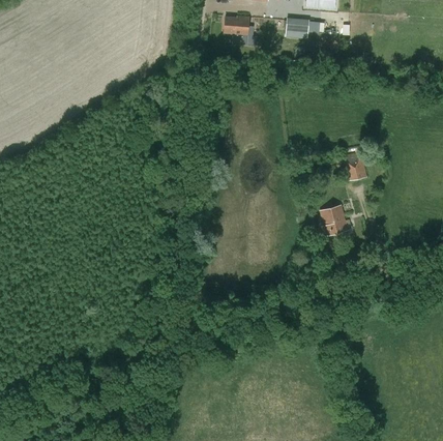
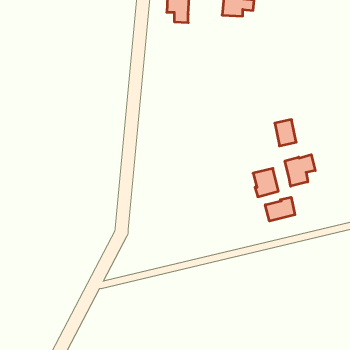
building: none -> [285,155,315,186]
building: none -> [265,197,295,221]

